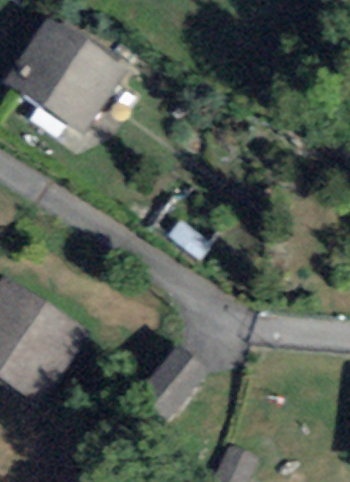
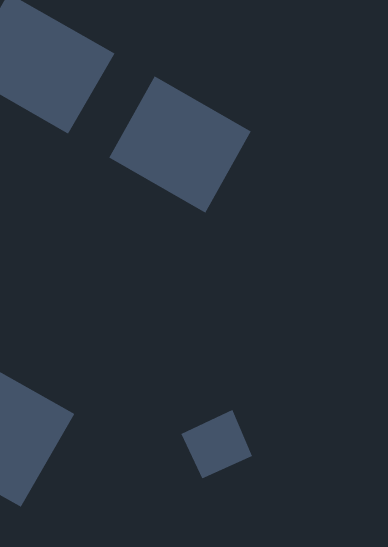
building: none -> [108,75,252,213]

